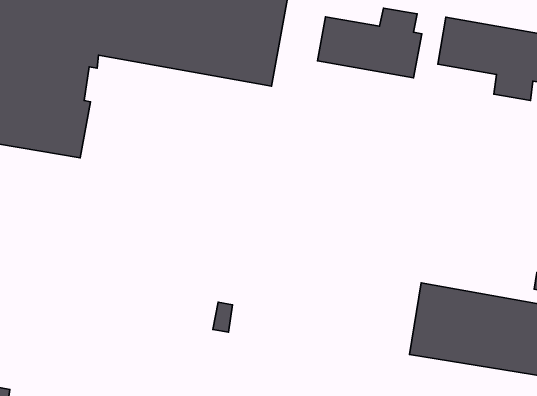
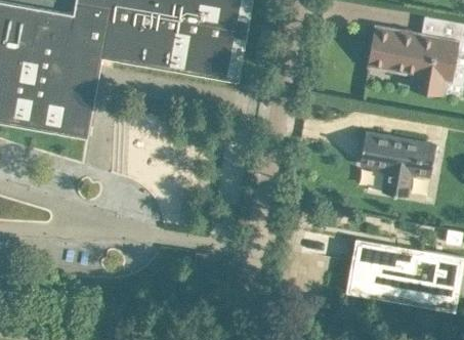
building: [317,8,422,78] -> none
building: none -> [360,132,435,197]

